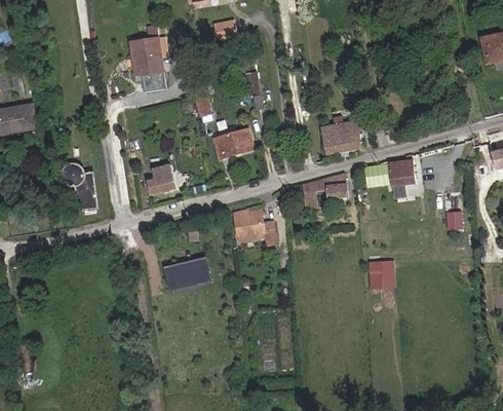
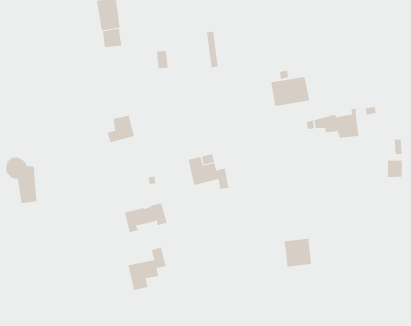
building: [220,130,254,156] -> none
building: [57,160,91,210] -> [6,157,37,204]
building: [302,175,348,204] -> none
building: [365,260,395,291] -> [284,238,312,267]
building: none -> [128,246,166,291]

